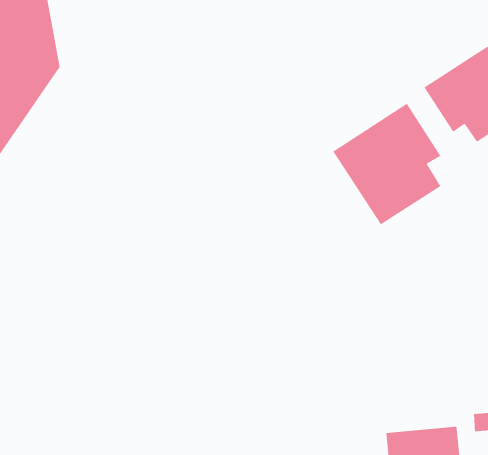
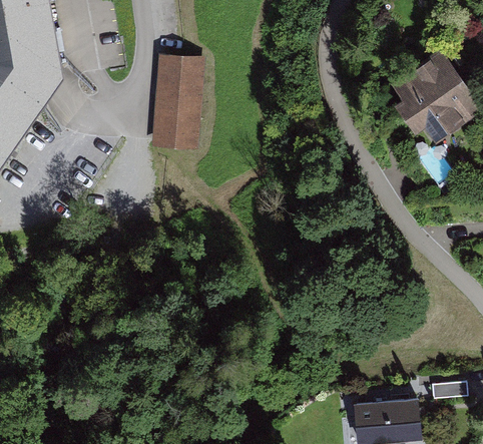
building: none -> [151,53,204,151]
building: [332,103,441,225] -> none

